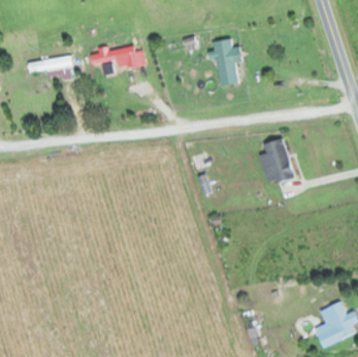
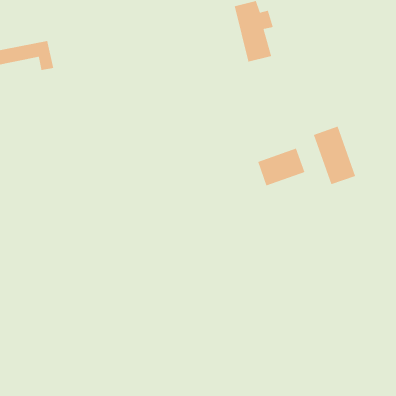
building: [90,46,144,68] -> none
building: none -> [257,148,305,186]

